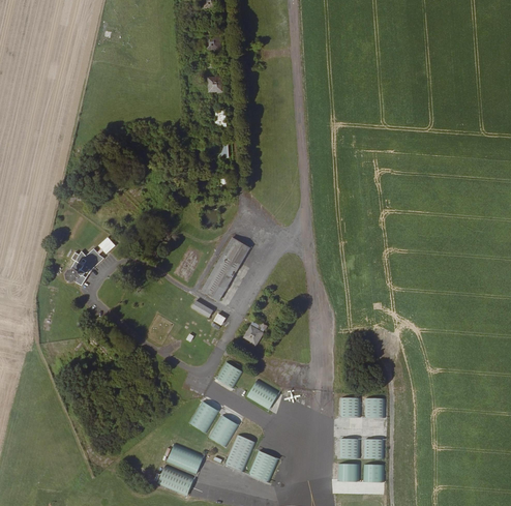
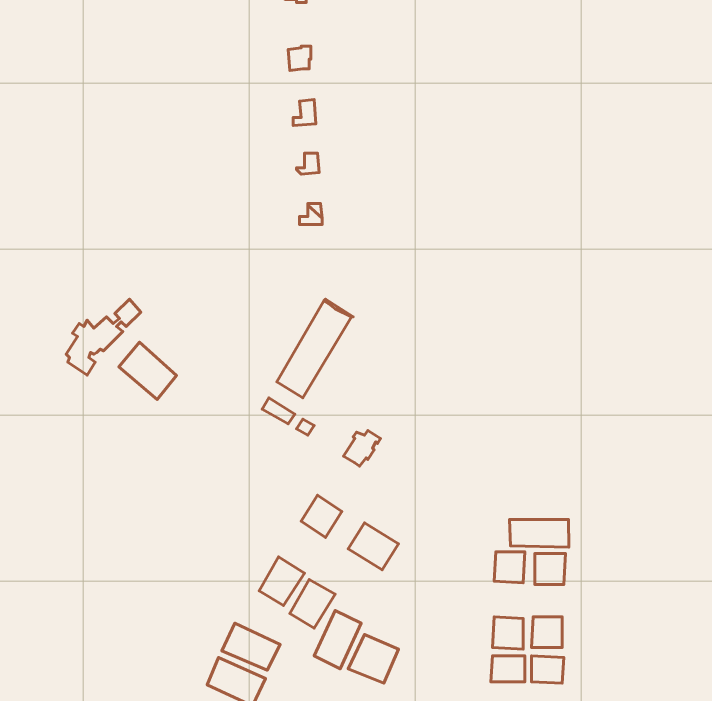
building: none -> [119,342,176,399]
building: none -> [510,519,569,547]

